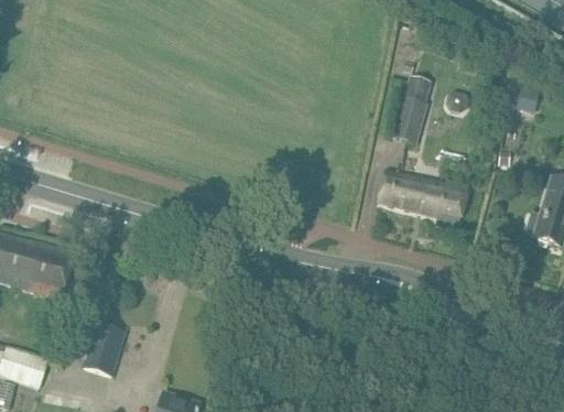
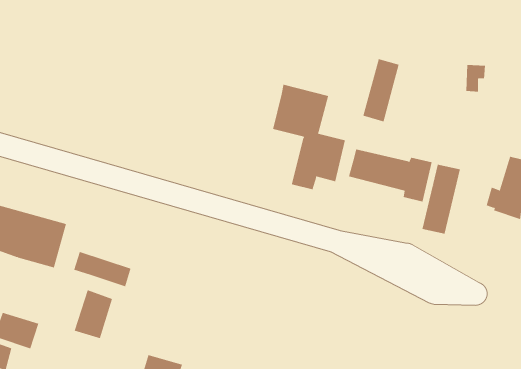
building: none -> [272,84,346,190]
building: none -> [422,164,460,235]
building: none -> [74,251,131,287]

